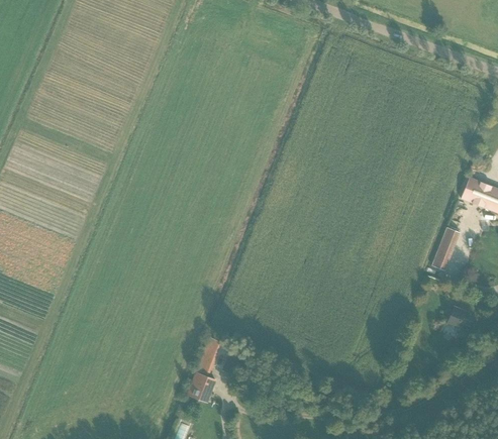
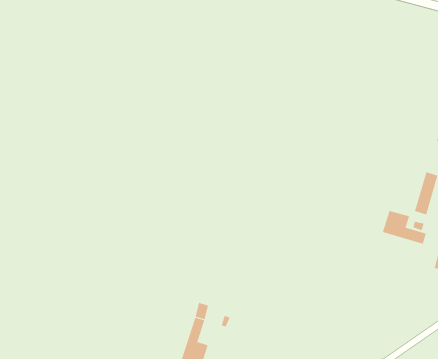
building: none -> [382,210,427,245]

